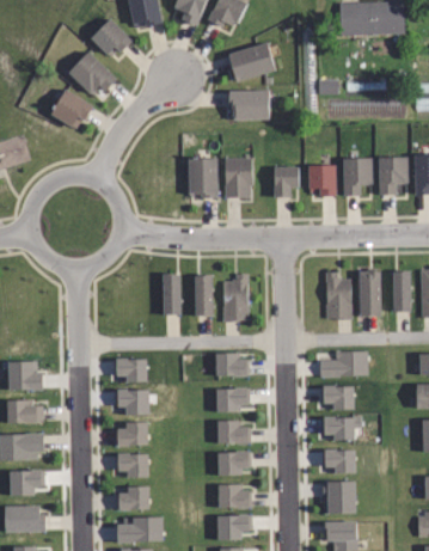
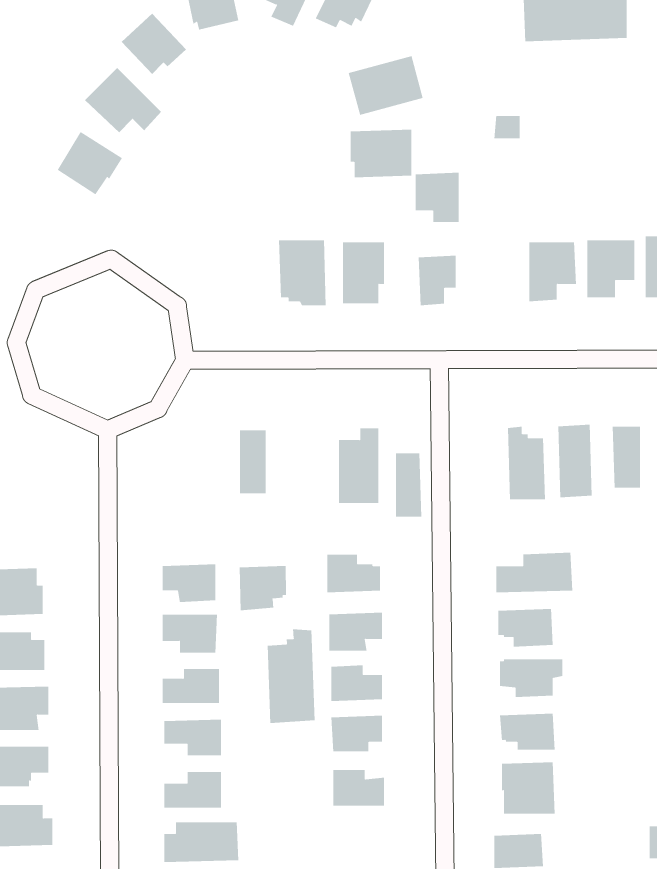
building: [305,165,332,196] -> [415,172,460,223]
building: [196,276,213,316] -> [395,453,422,517]
building: none -> [239,565,286,611]
building: none -> [267,629,315,724]
building: [219,515,252,539] -> none

